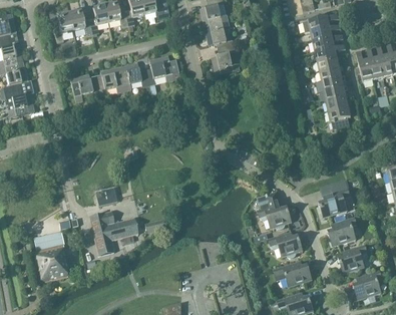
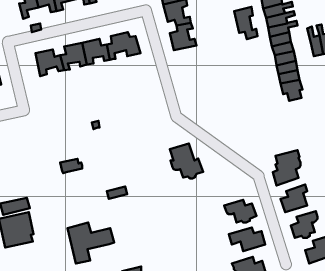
building: none -> [234,7,257,39]
building: [257,191,292,228] -> [170,143,203,179]
building: [89,211,138,254] -> [67,222,114,263]

